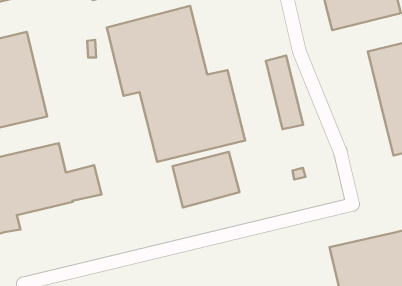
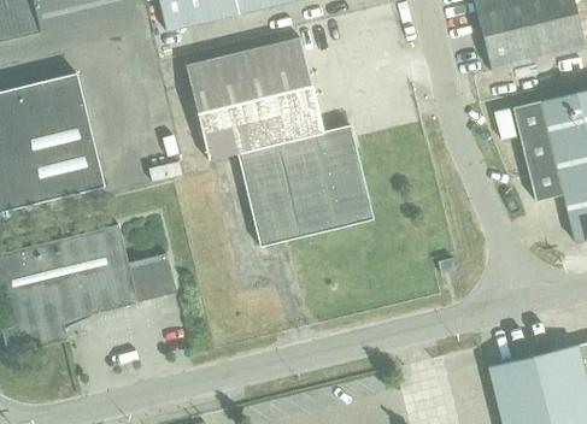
building: [266,55,303,129] -> [512,99,563,199]
building: [173,152,239,208] -> none

